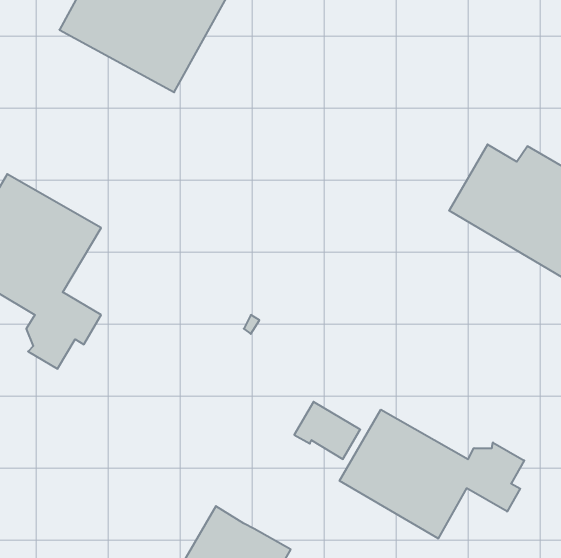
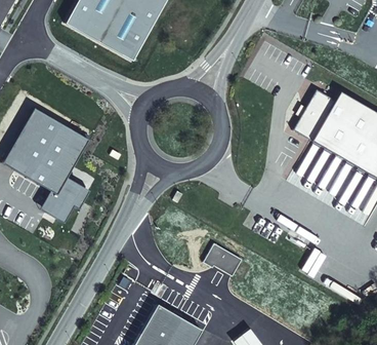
building: [340,410,524,539] -> none

